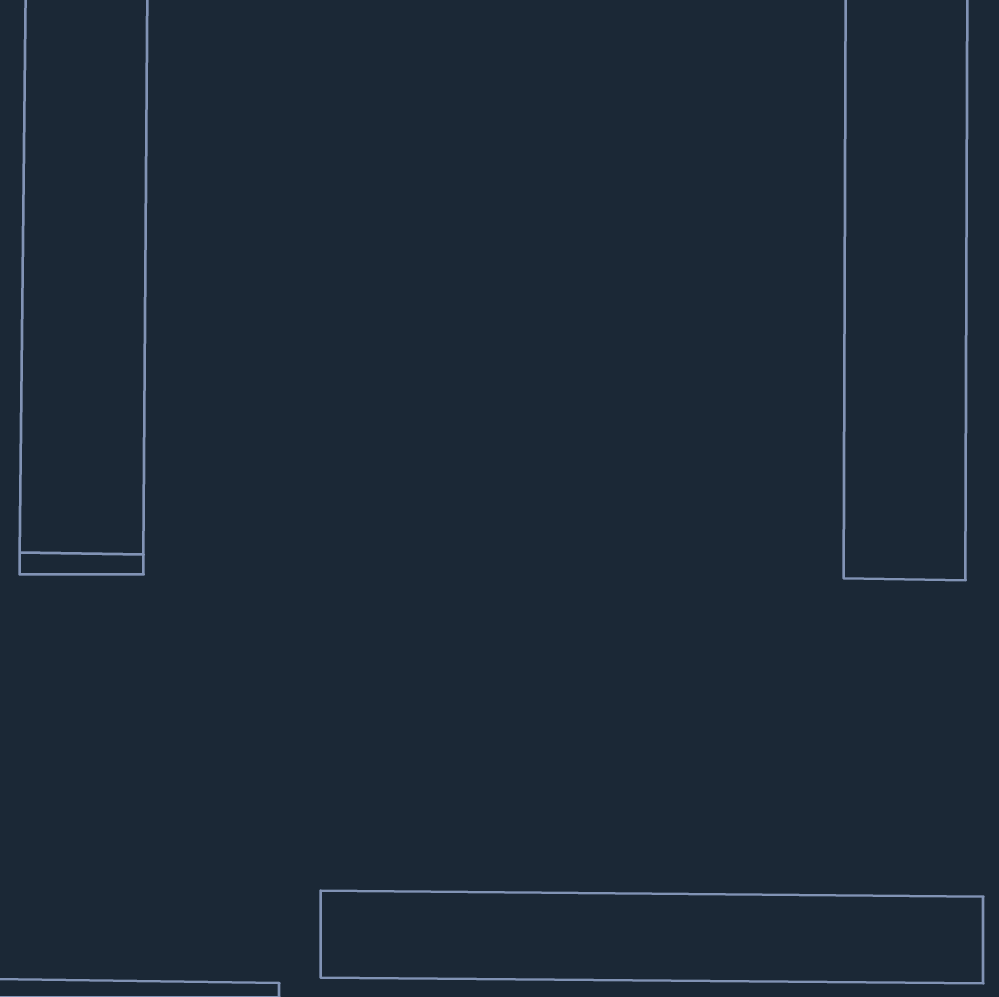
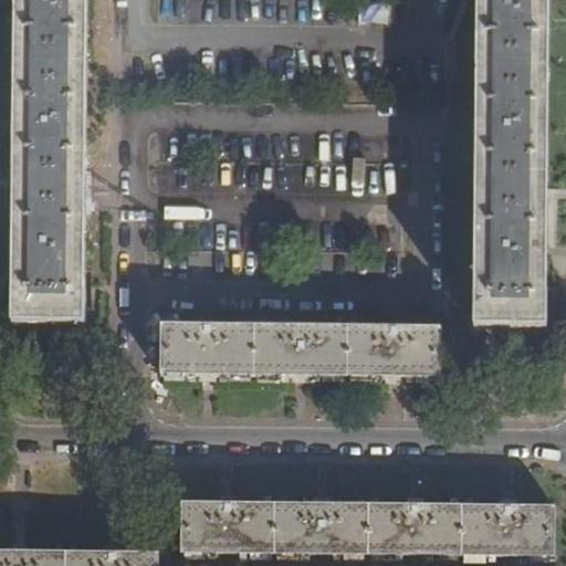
building: none -> [161,325,437,374]

